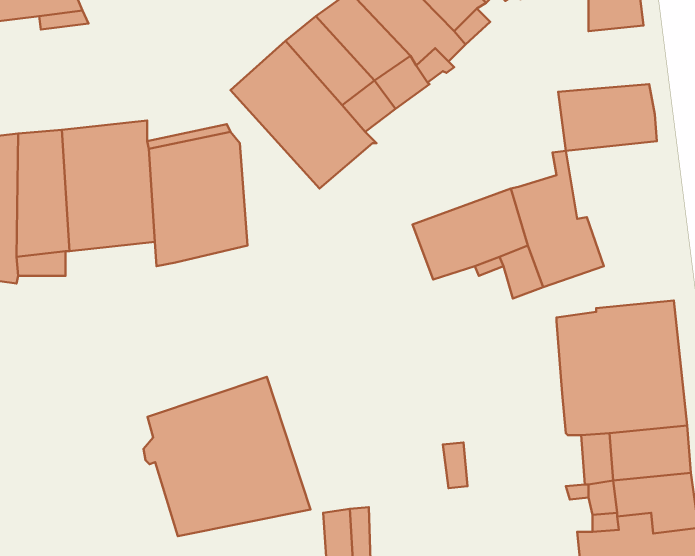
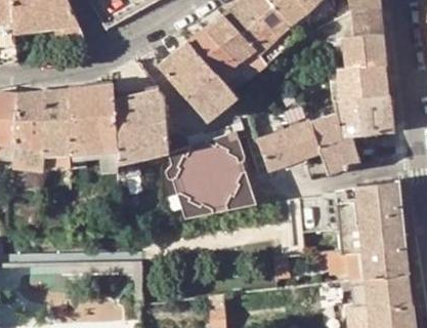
building: none -> [341,32,385,67]
building: none -> [340,94,393,136]
building: [144,377,310,536] -> [166,131,256,217]

